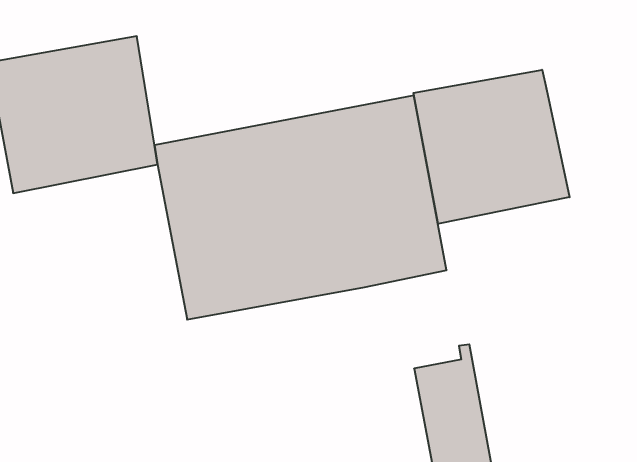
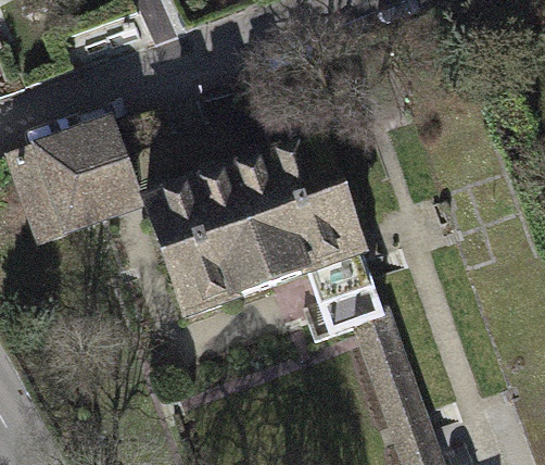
building: [413,70,570,224] -> none
building: none -> [307,255,386,339]

